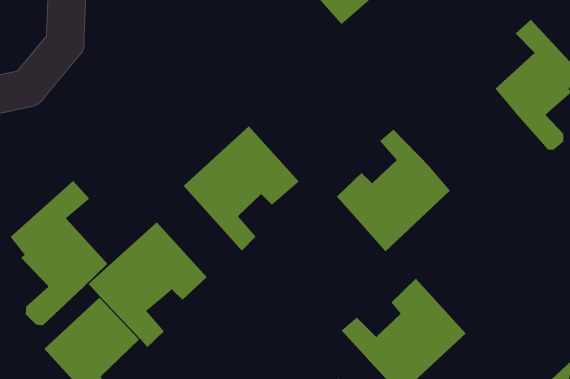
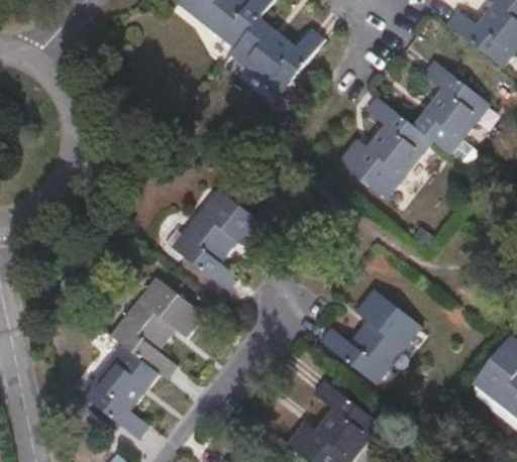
building: [336,129,451,252] -> [339,99,431,200]
building: [10,180,108,326] -> none

